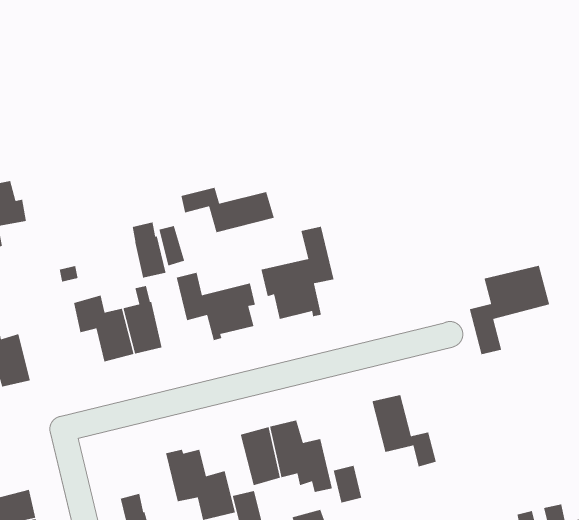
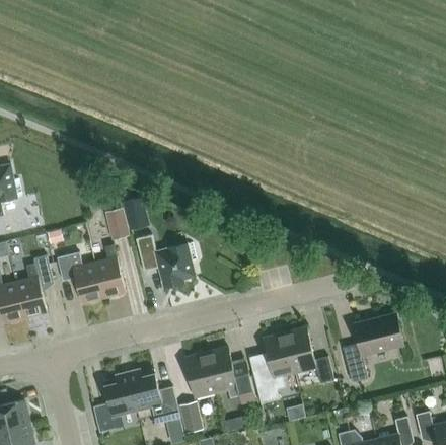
building: [180,187,275,233] -> none
building: [260,226,335,320] -> none
building: [469,265,550,355] -> [342,313,403,382]
building: none -> [15,254,53,317]
building: none -> [263,332,294,377]
building: none -> [102,372,136,417]

